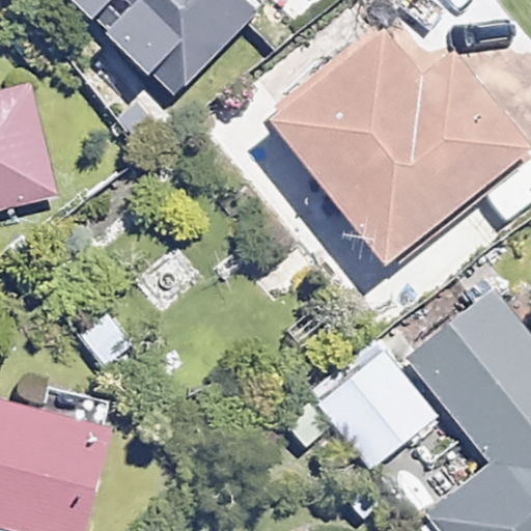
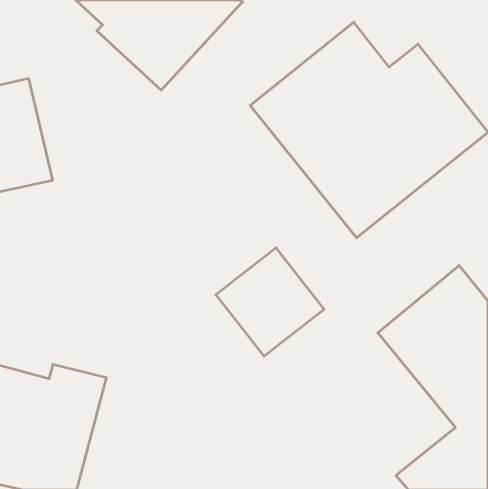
building: [318,351,436,468] -> [216,248,324,356]

